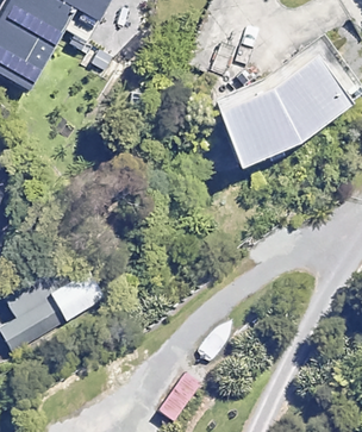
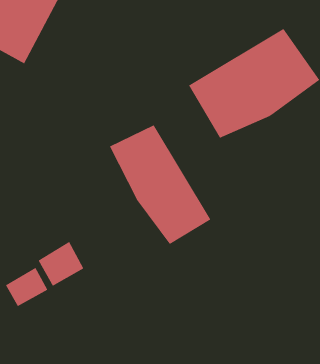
building: none -> [109,124,211,245]

